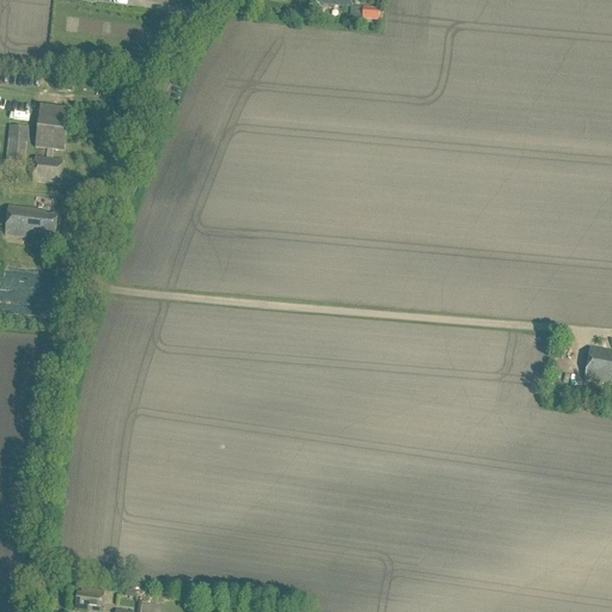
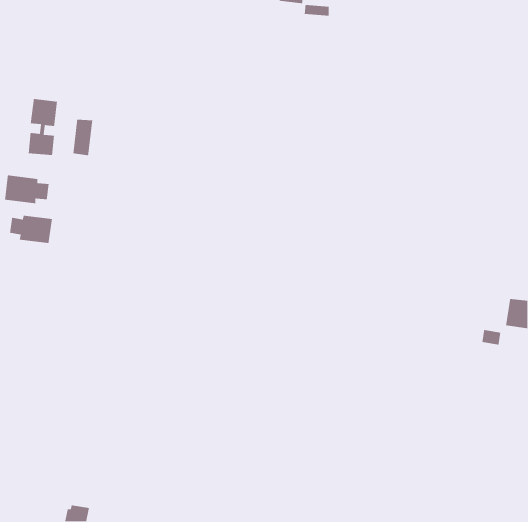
building: [5,121,29,164] -> [72,119,93,156]
building: none -> [9,215,53,244]

